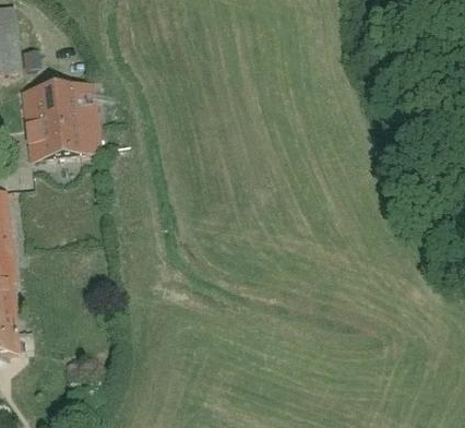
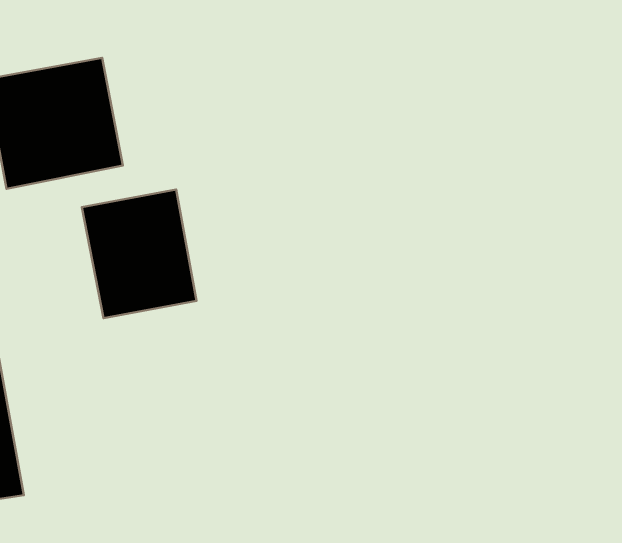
building: none -> [82,189,197,318]

